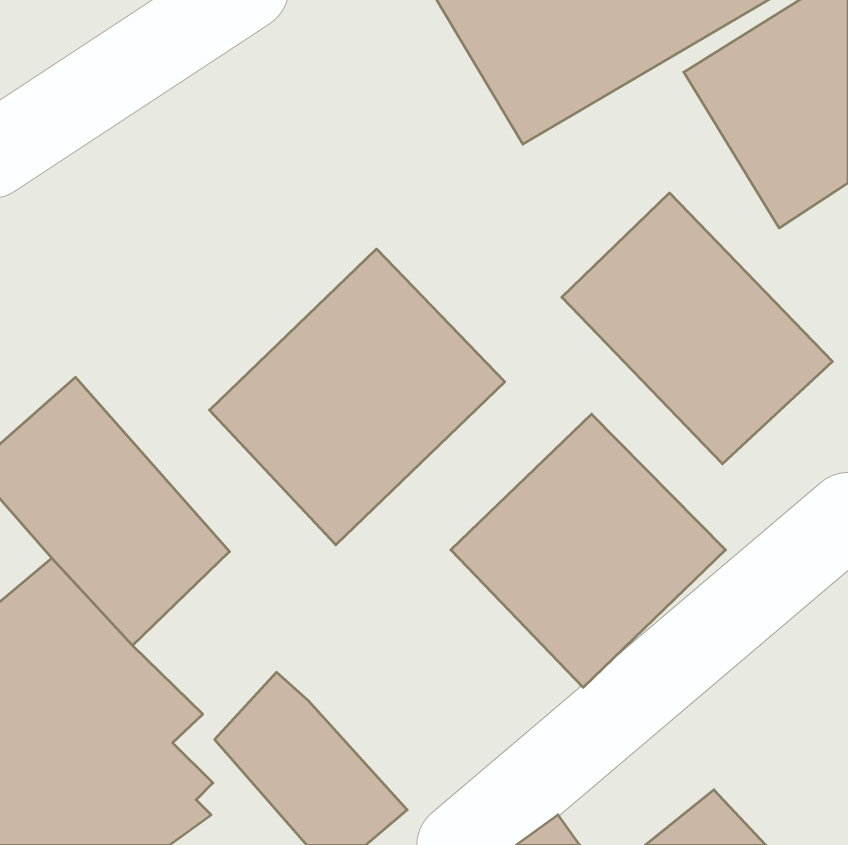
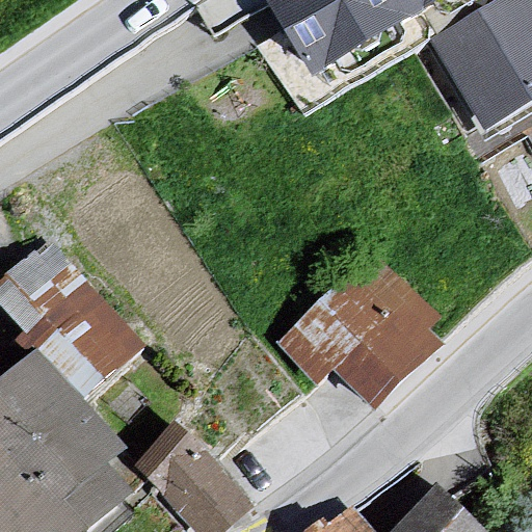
building: [562,193,832,464] -> none
building: [209,249,505,545] -> none

